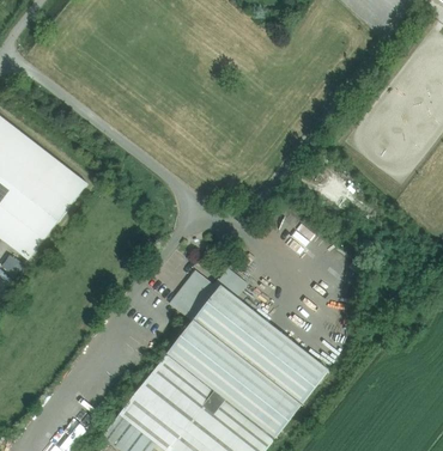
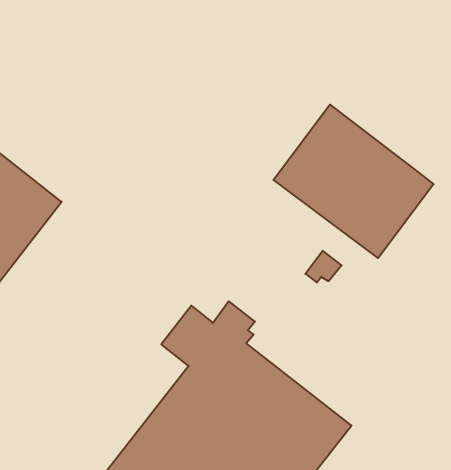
building: none -> [273,105,434,258]

